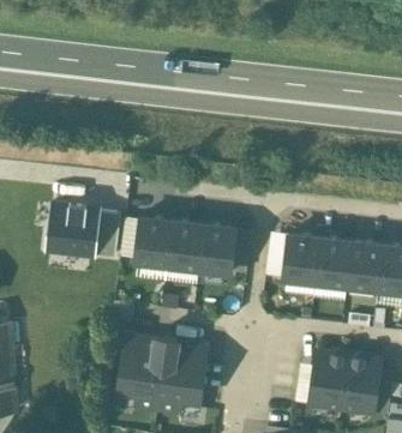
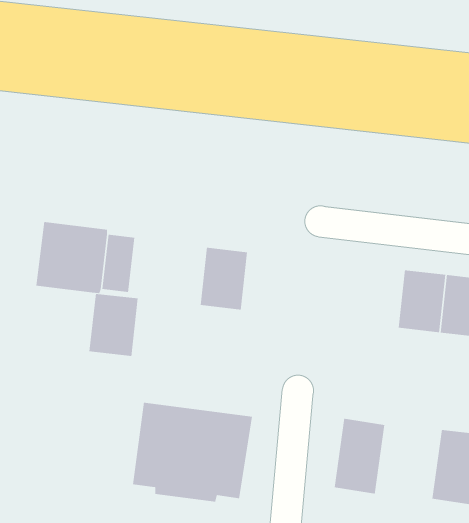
building: [134,218,172,265] -> [89,293,139,356]
building: [198,225,235,272] -> none
building: [282,235,319,282] -> none
building: [308,353,347,409] -> [334,418,385,494]

